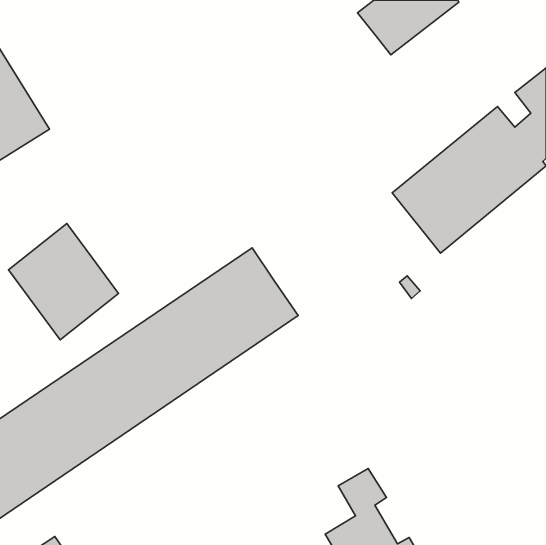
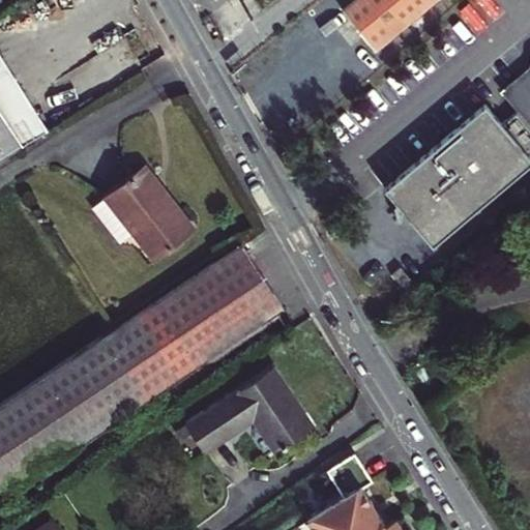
building: [9,224,118,340] -> [92,165,198,276]
building: none -> [178,363,318,449]

